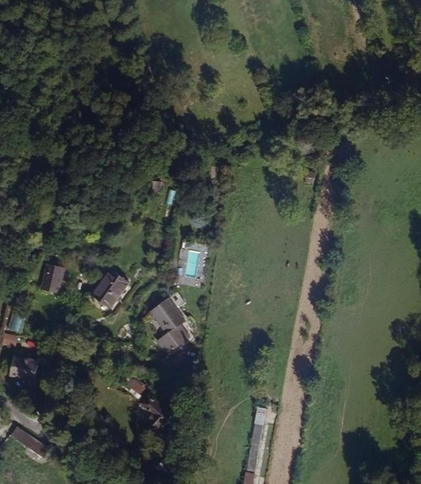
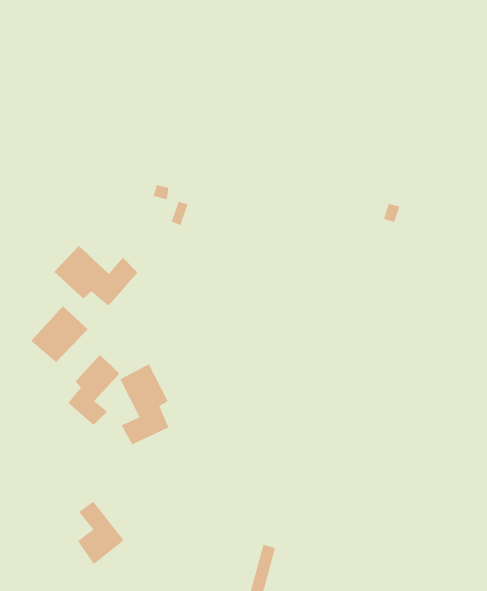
building: none -> [53,245,138,306]
building: none -> [67,354,120,426]

